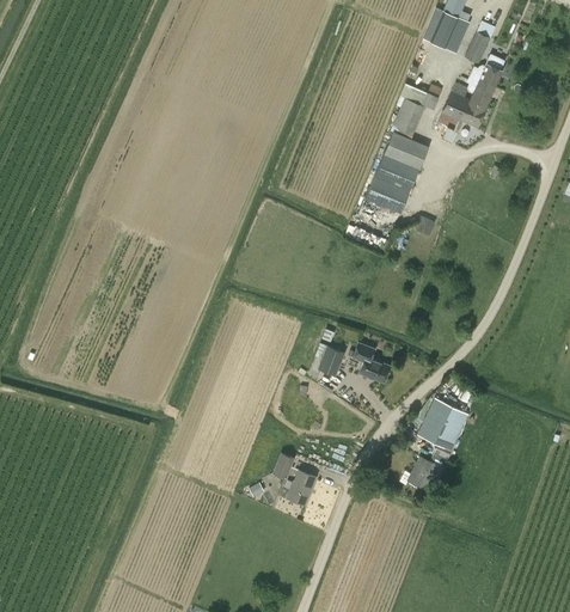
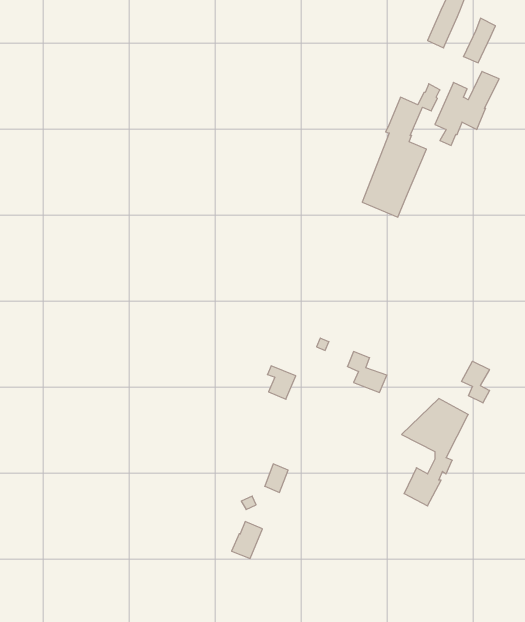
building: [317,344,344,377] -> [267,366,296,399]
building: none -> [462,361,490,403]
building: [286,470,315,506] -> [232,522,262,559]

